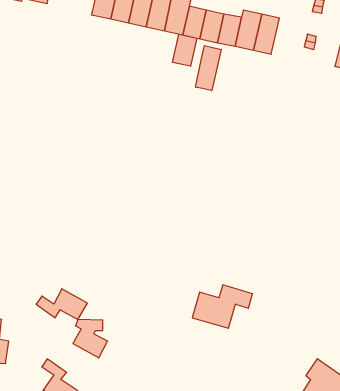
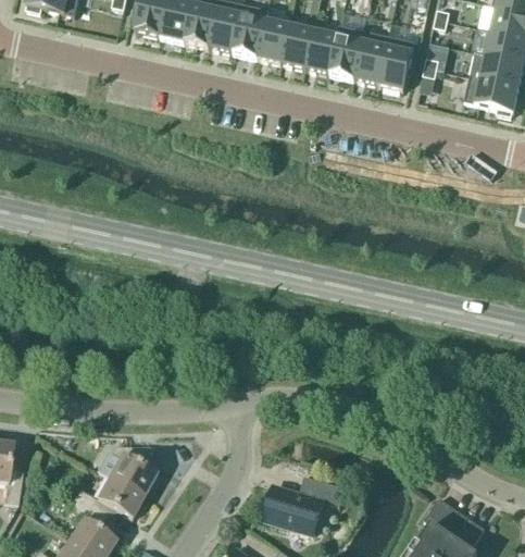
building: none -> [377,35,413,89]
building: [173,34,197,66] -> none
building: [196,46,221,91] -> none
building: [192,285,253,328] -> [263,474,345,533]
building: [36,289,87,319] -> [74,475,143,517]

